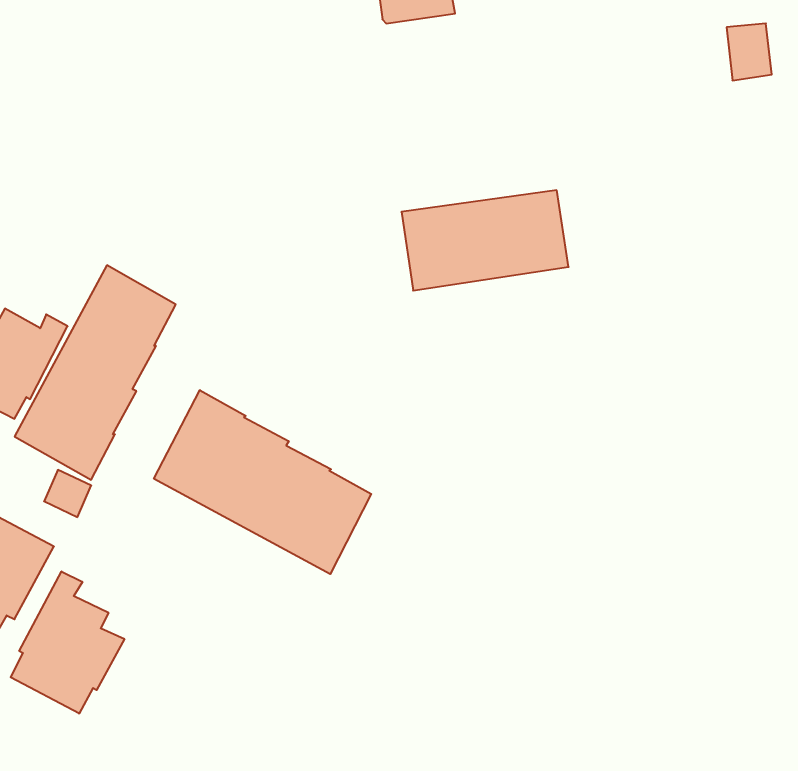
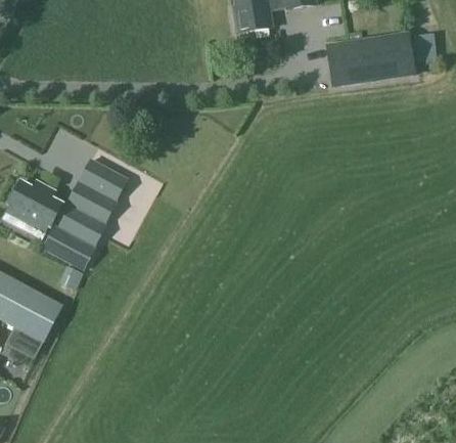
building: [401,190,569,291] -> [326,34,413,86]
building: [154,390,371,574] -> none
building: [11,571,124,714] -> none

